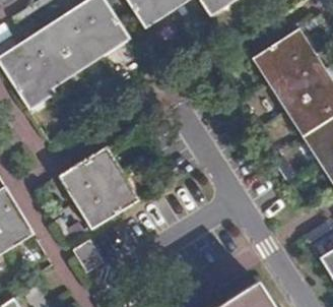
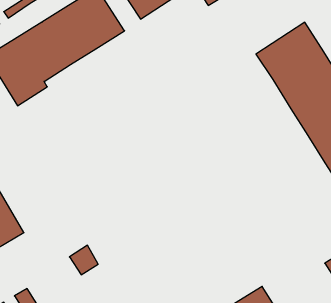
building: [60,146,140,229] -> none

